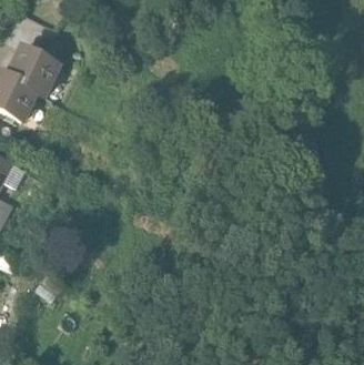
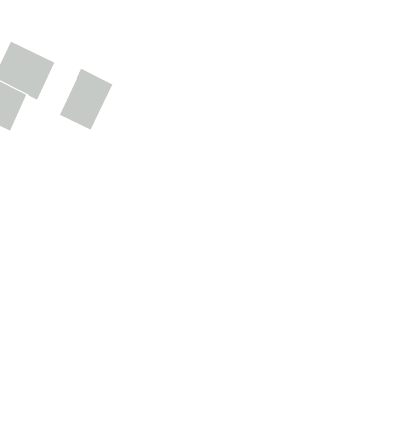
building: none -> [59,68,113,131]

